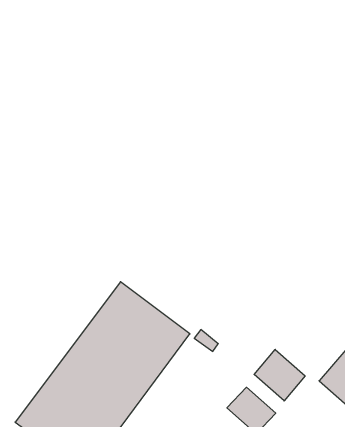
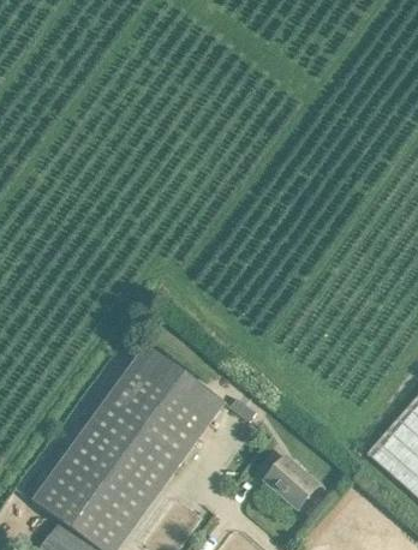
building: [254,349,305,401] -> none

